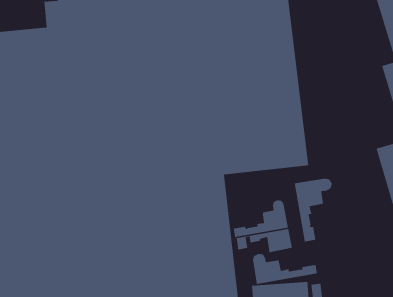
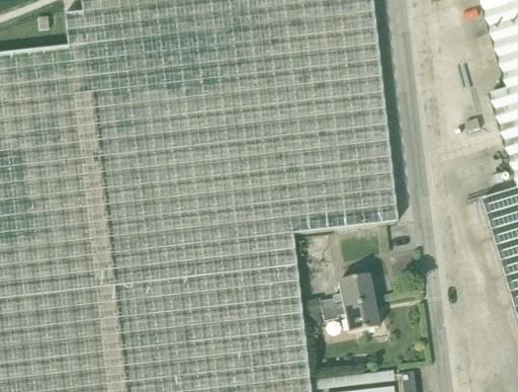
building: [294,178,333,242] -> none
building: [252,253,318,285] -> none

